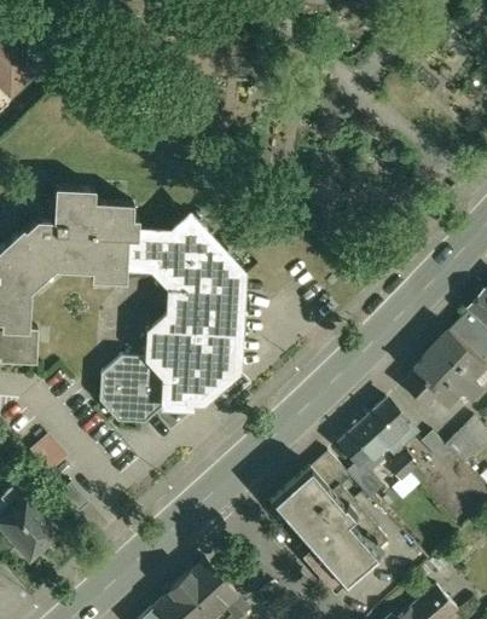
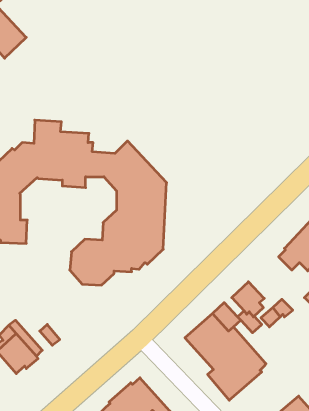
building: [361,400,410,447] -> none
building: [30,434,69,474] -> none

